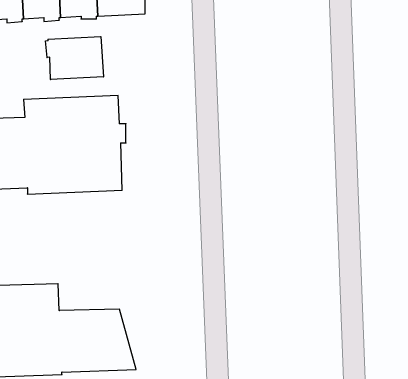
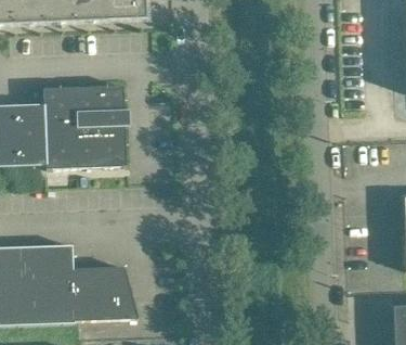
building: [46,37,103,80] -> none

